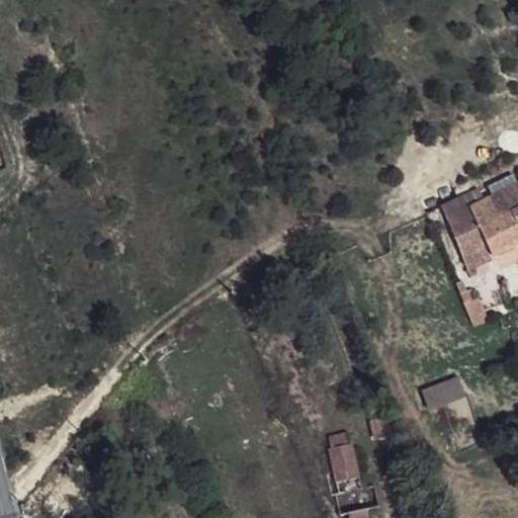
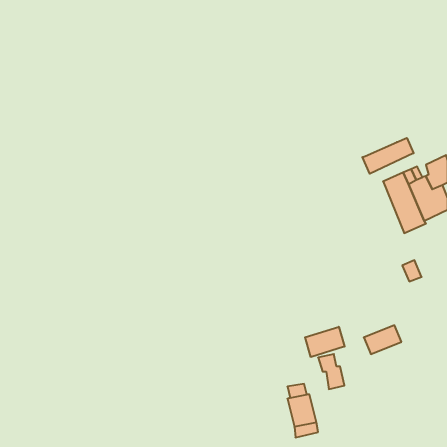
building: none -> [362,138,414,174]
building: none -> [305,327,345,357]

